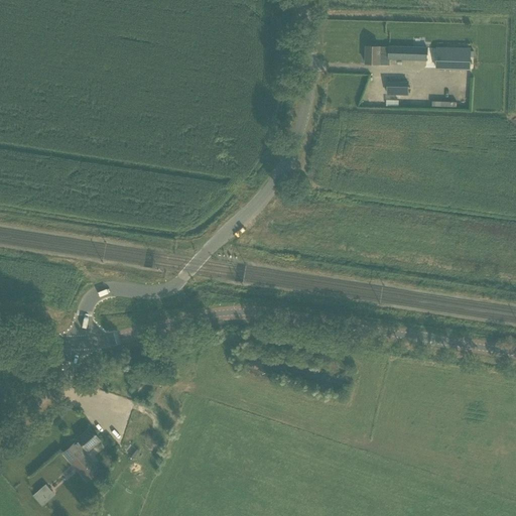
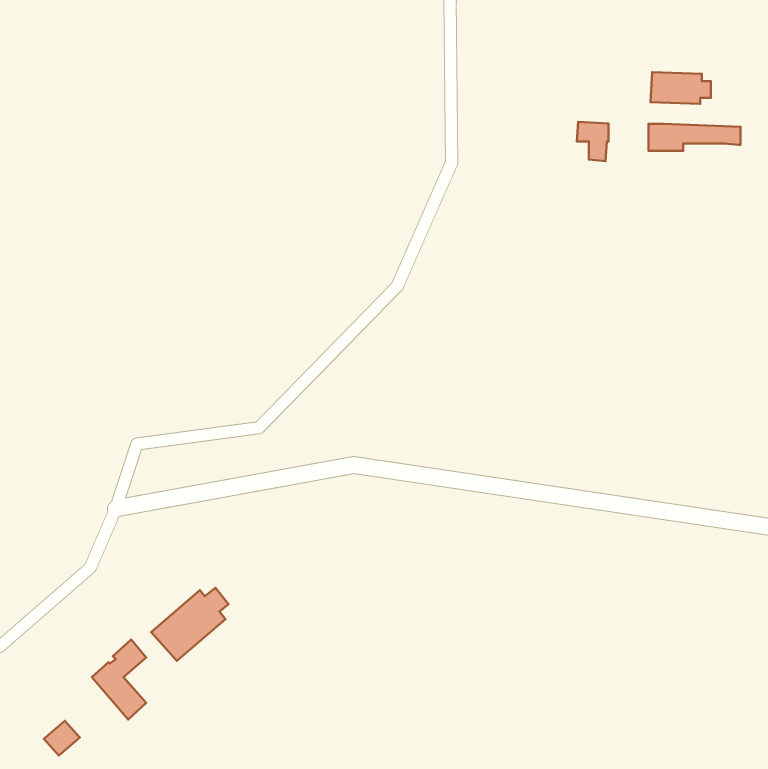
building: [365,46,426,64] -> [649,124,740,151]
building: none -> [151,588,229,661]

